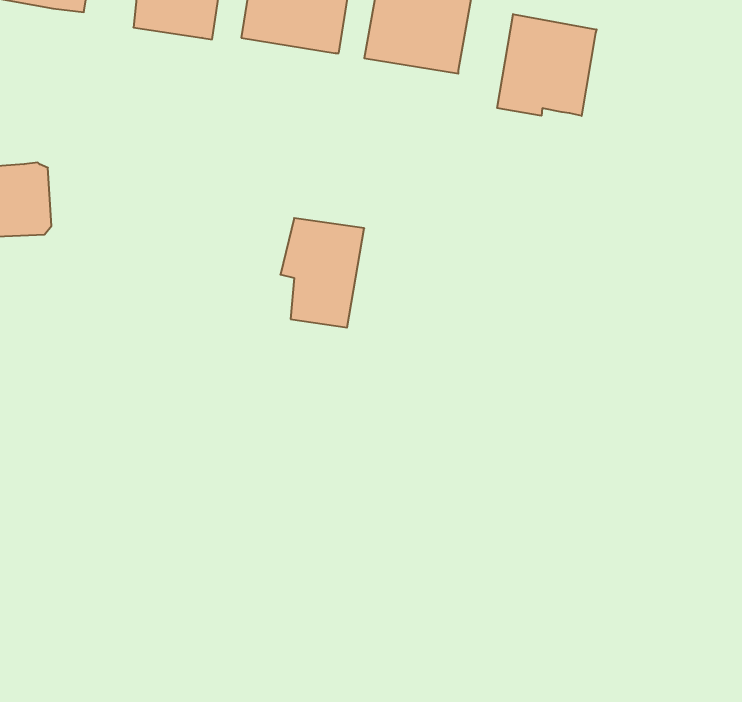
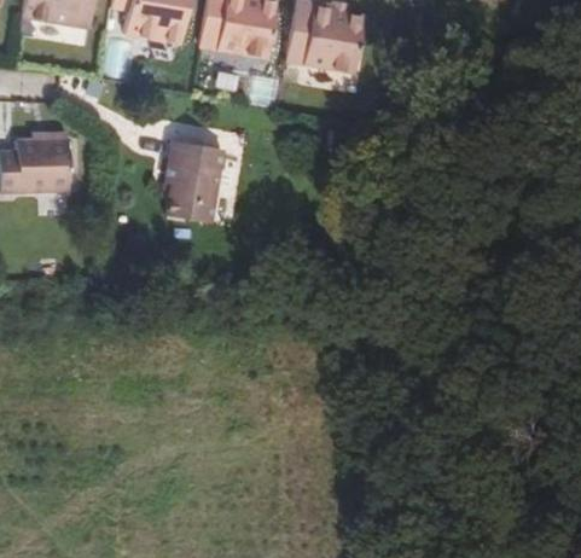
building: [497,14,597,116] -> none
building: [280,218,364,328] -> [157,136,216,214]

